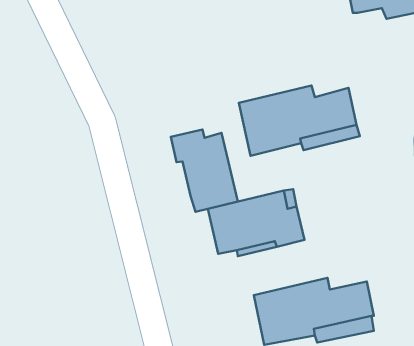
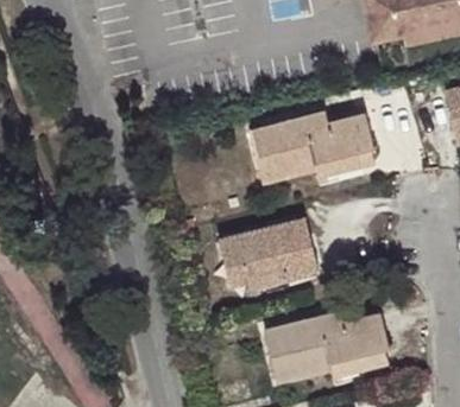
building: [171,129,238,212] -> none

